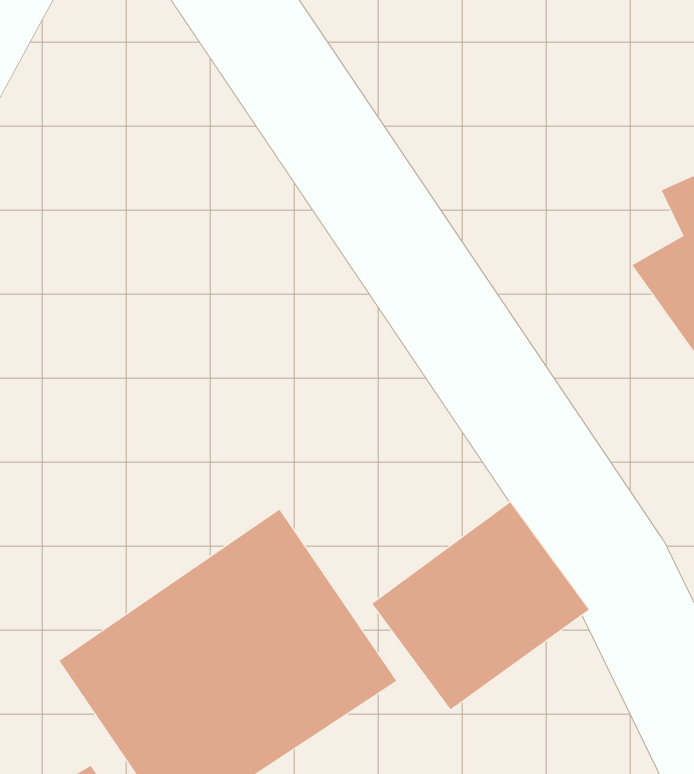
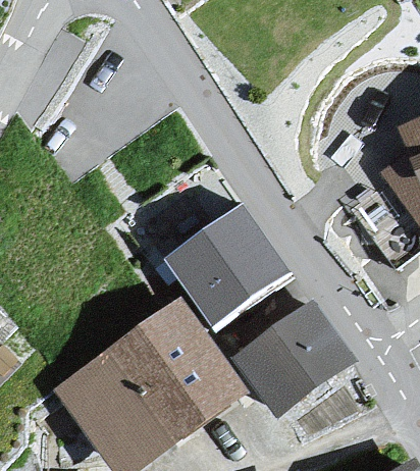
building: none -> [148,180,295,332]

